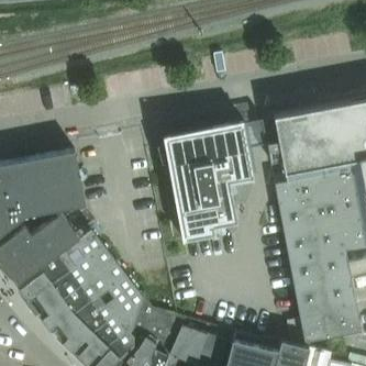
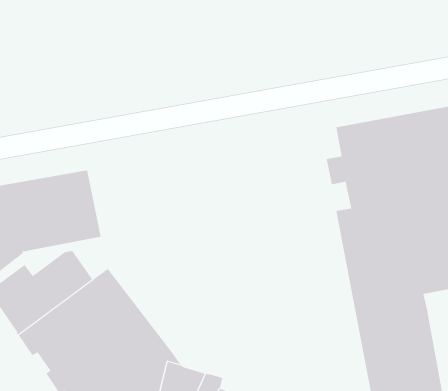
building: [156,122,253,241] -> none

